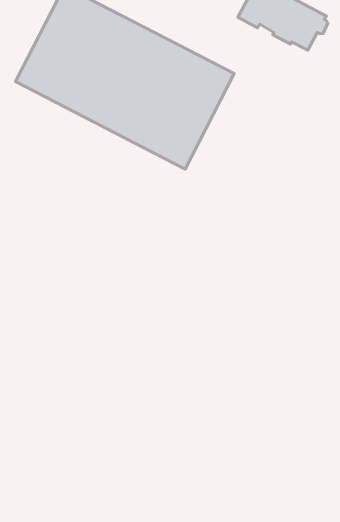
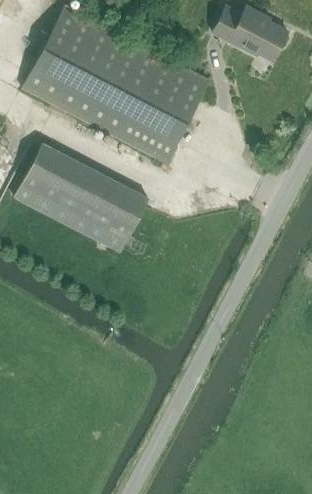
building: none -> [14,143,149,252]

